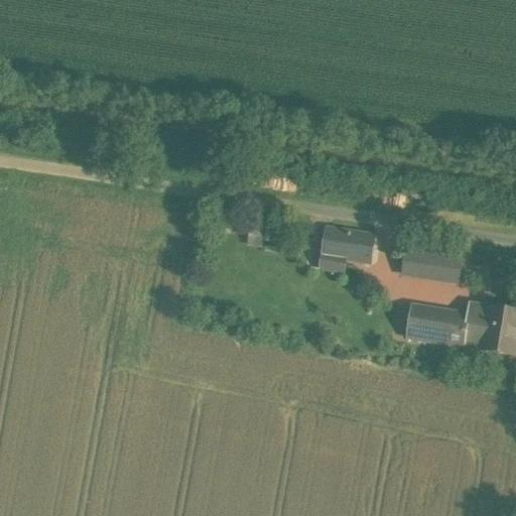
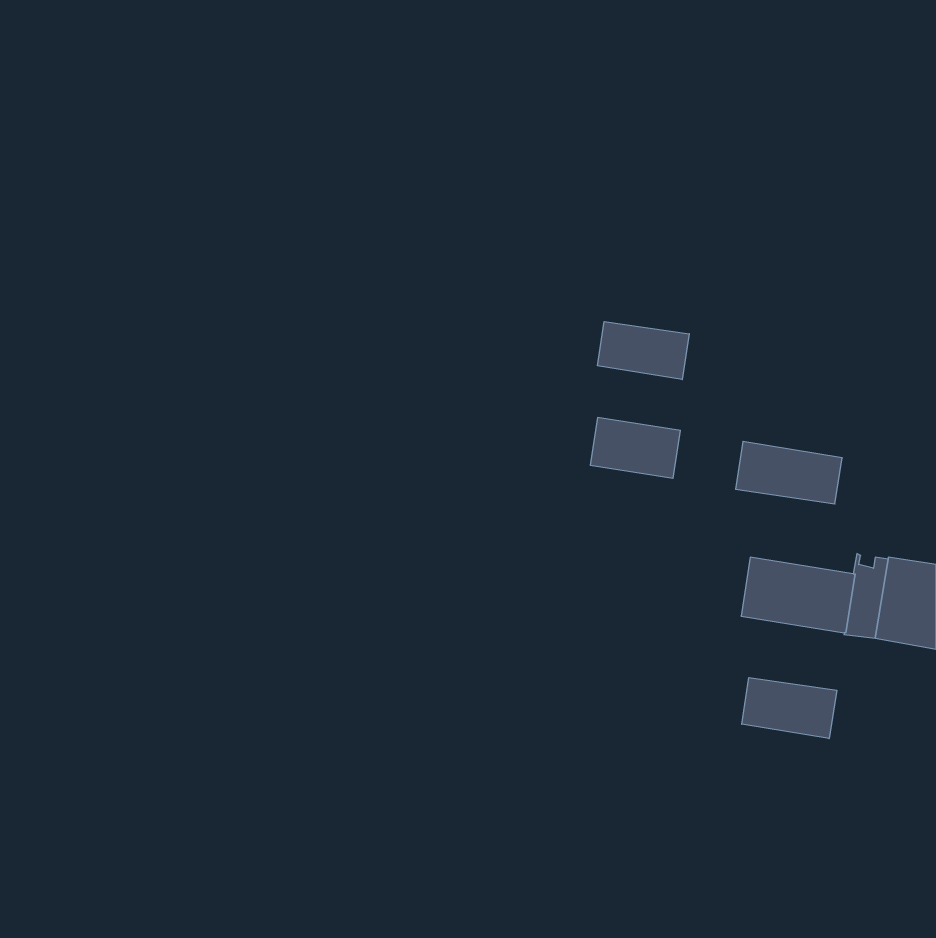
building: none -> [598,322,689,380]
building: none -> [742,678,837,739]

